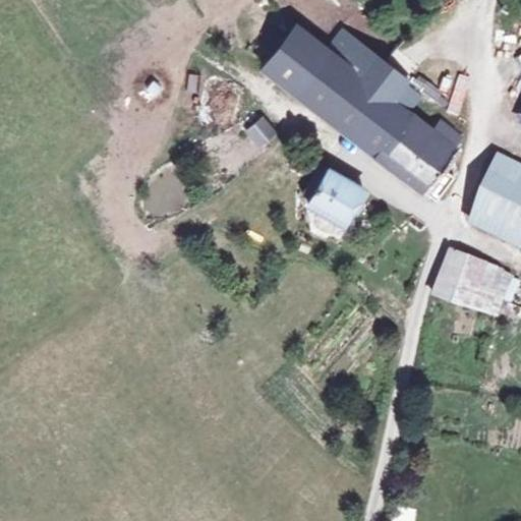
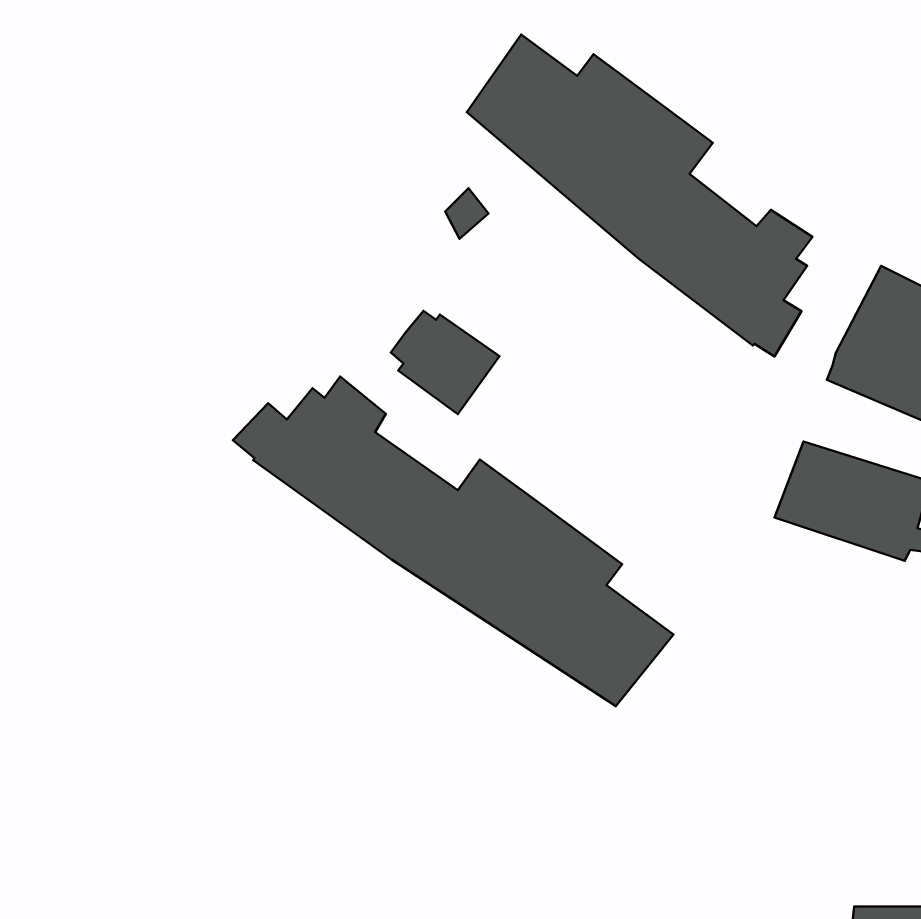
building: [310,172,371,230] -> [391,311,500,414]
building: none -> [233,377,673,706]

